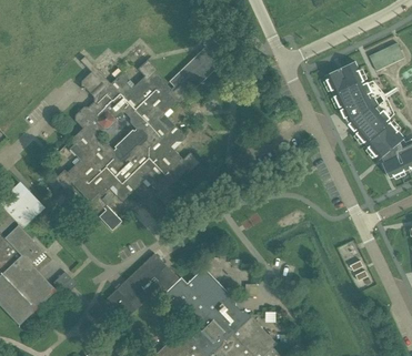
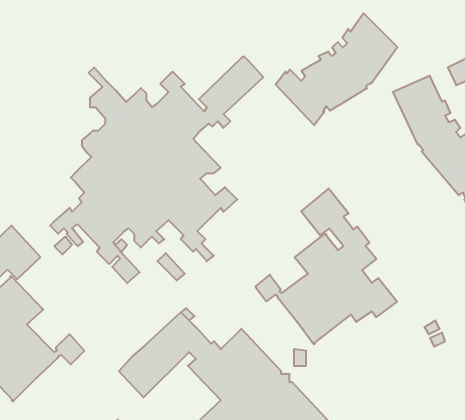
building: none -> [276,13,397,125]
building: none -> [255,189,397,344]

